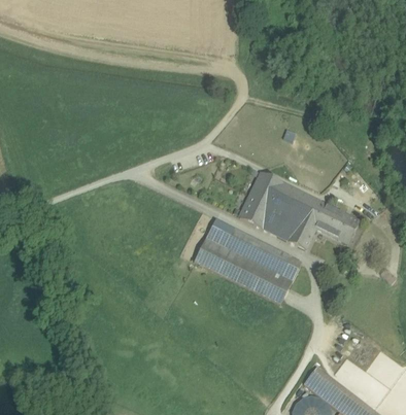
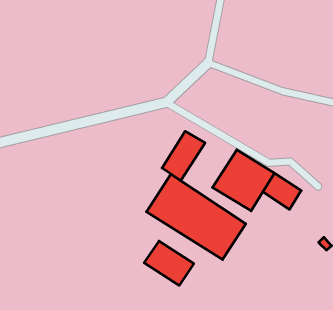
building: [239,174,282,228] -> [162,131,205,181]
building: none -> [144,241,194,285]

